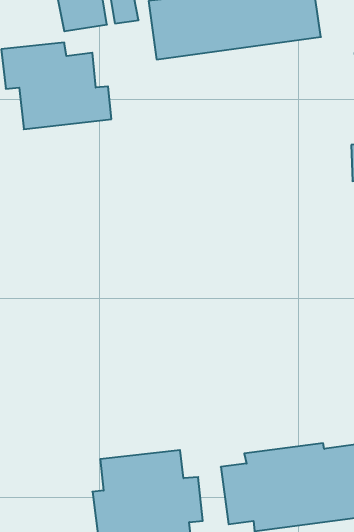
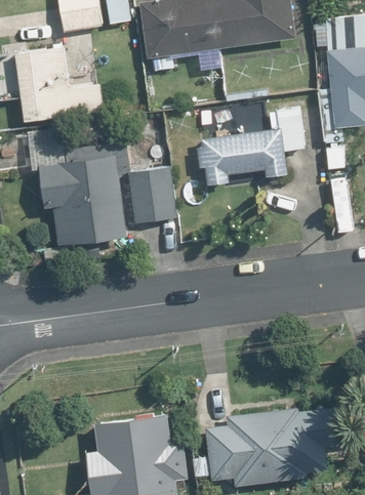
building: none -> [195,108,322,184]
building: none -> [38,143,129,244]
building: none -> [128,168,176,225]

